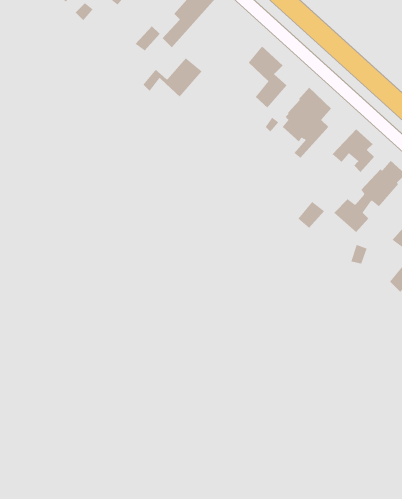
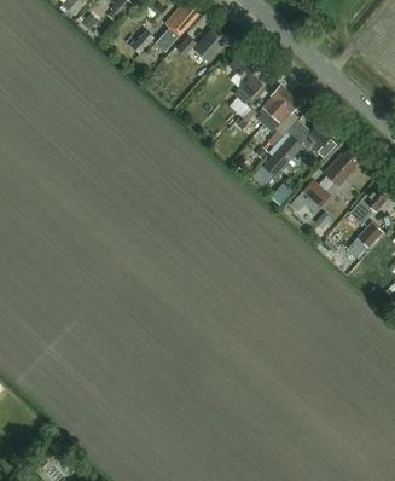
building: [143,57,203,97] -> [178,27,228,60]
building: none -> [263,132,303,180]

